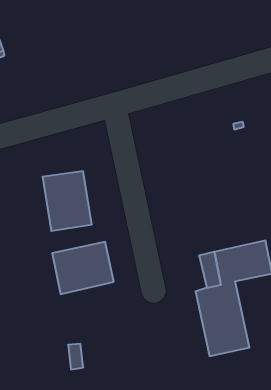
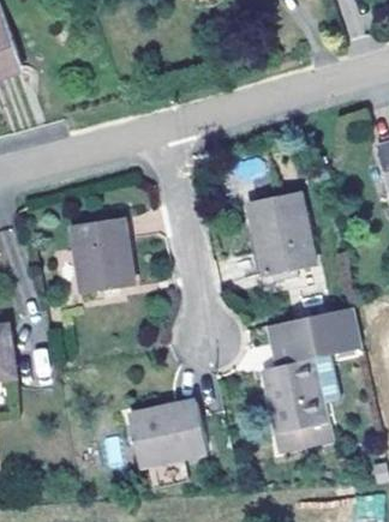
building: none -> [249,191,313,275]
building: [52,242,114,294] -> [127,401,205,467]

